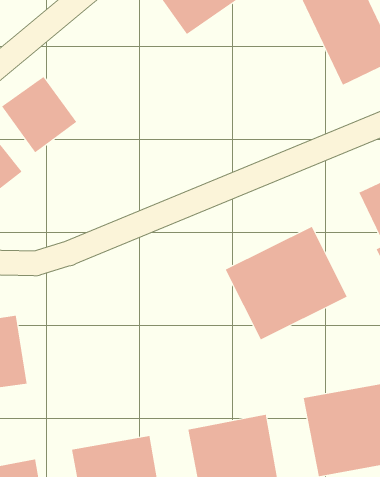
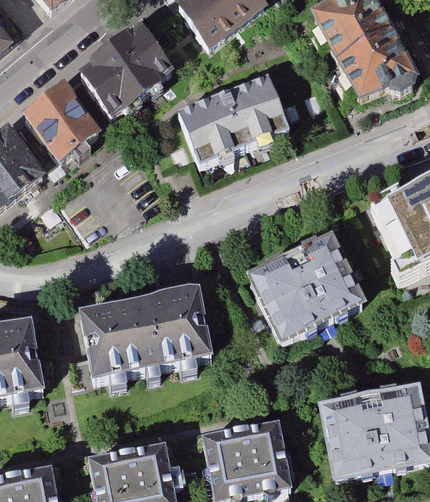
building: none -> [79,25,170,112]
building: none -> [176,76,280,157]
building: none -> [83,284,219,378]

